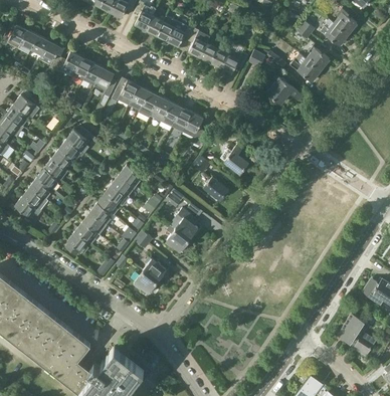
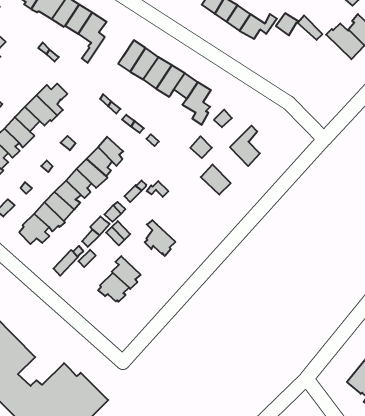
building: [267,76,302,105] -> none
building: [112,80,139,106] -> none
building: [170,208,198,240] -> none

